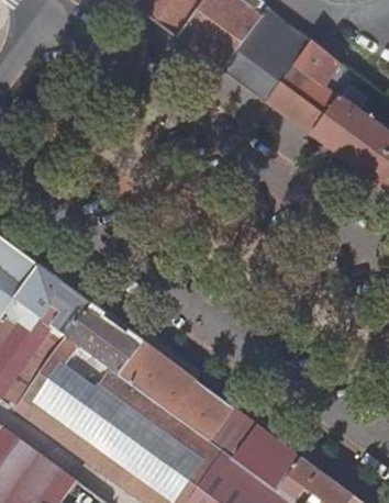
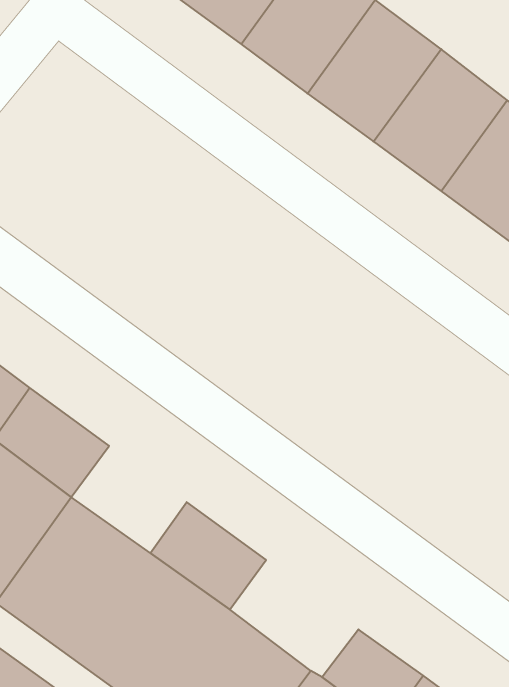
building: [67,304,144,376] -> none
building: [173,380,251,454] -> none

